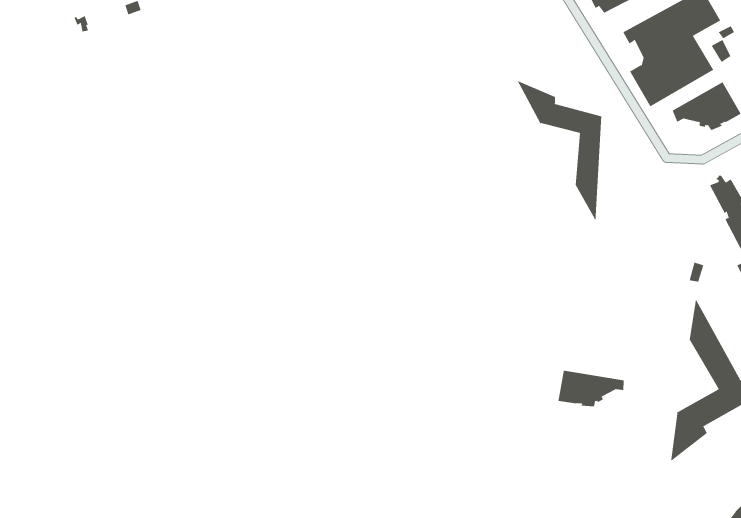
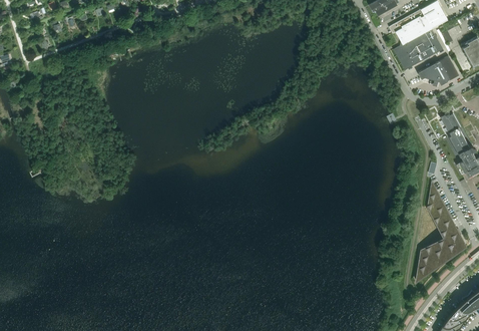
building: [516,80,602,222] -> none
building: [558,370,624,407] -> none

